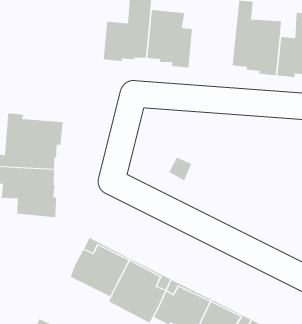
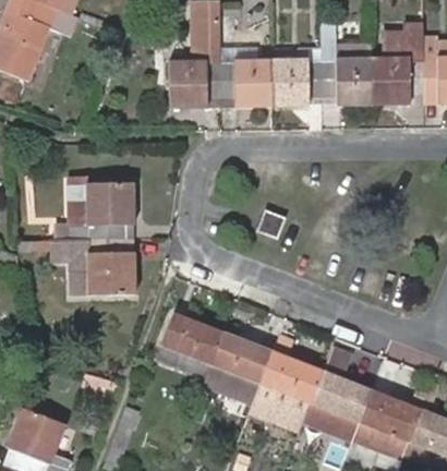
building: none -> [270,47,319,107]

